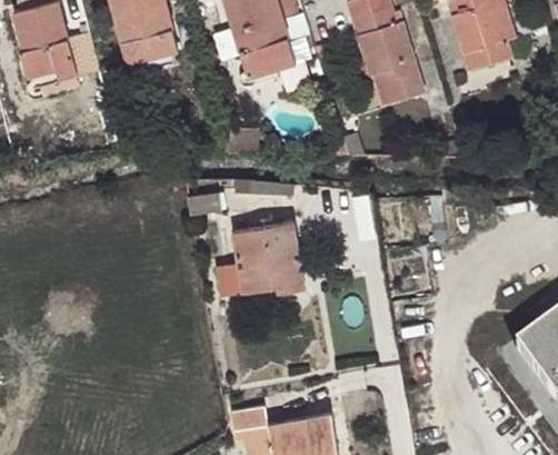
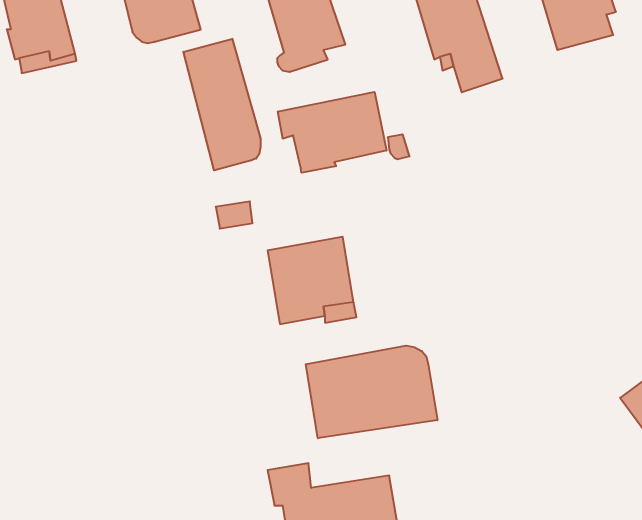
building: none -> [183,39,261,170]
building: none -> [278,92,386,173]
building: none -> [306,346,437,438]

